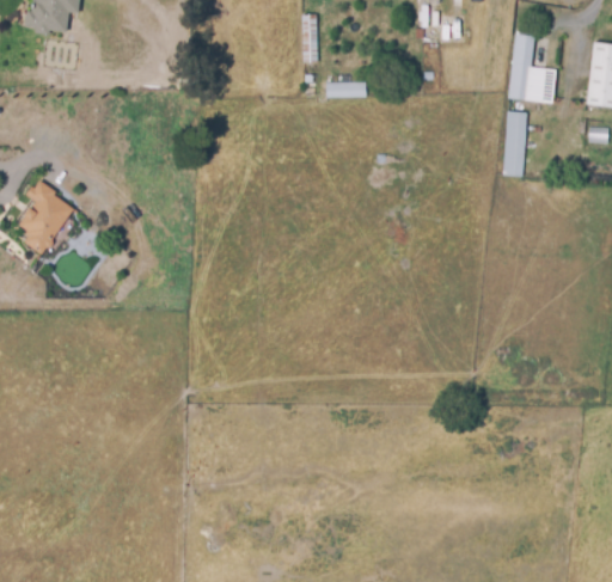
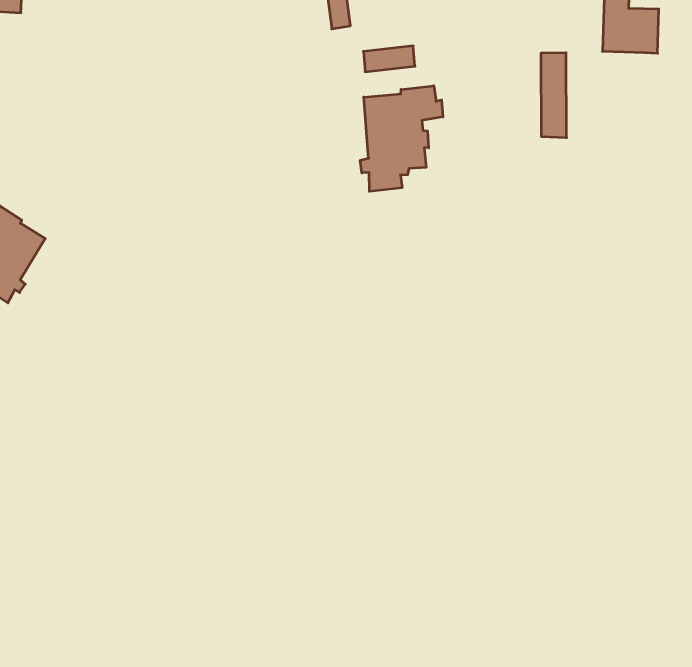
building: [502,110,526,176] -> [541,53,567,138]
building: none -> [360,86,443,191]

